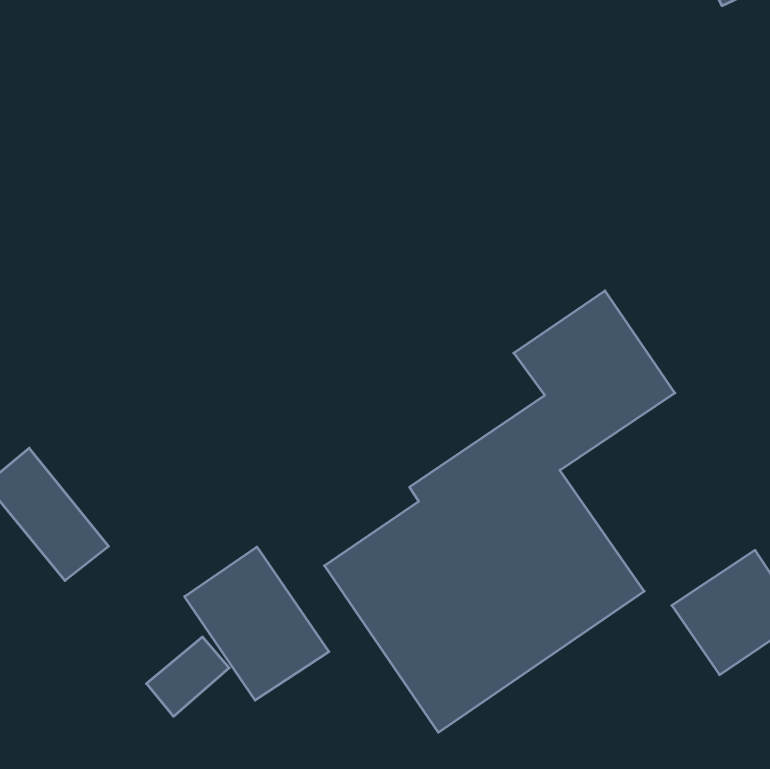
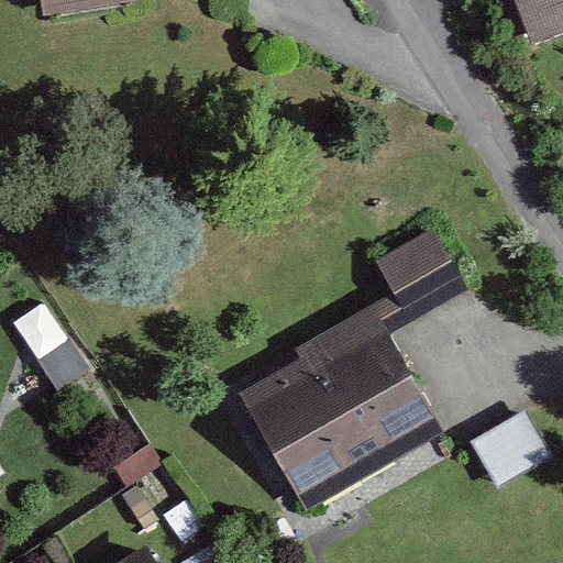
building: [185,547,329,700] -> none

